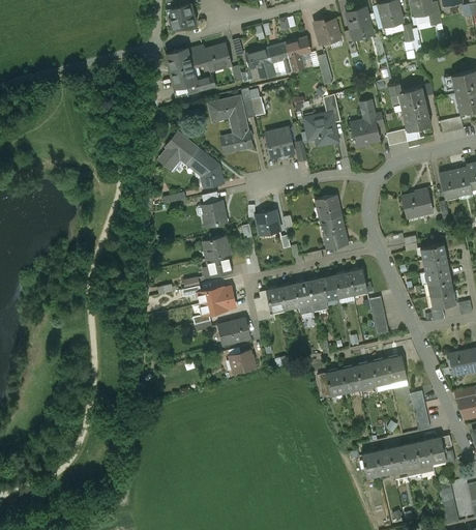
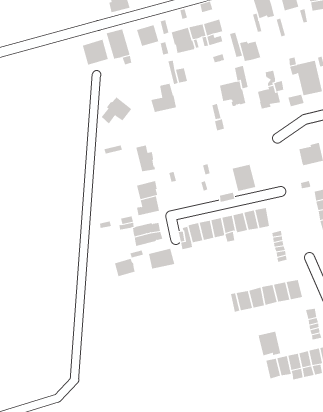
building: [314,20,340,45] -> [239,41,261,62]
building: none -> [82,39,108,66]
building: [209,96,244,120] -> none
building: [265,128,294,157] -> none
building: [186,148,222,187] -> none
building: [315,195,343,220] -> none
building: [257,210,280,235] -> none
building: [229,350,255,373] -> [114,258,135,277]
building: none -> [258,331,281,356]

